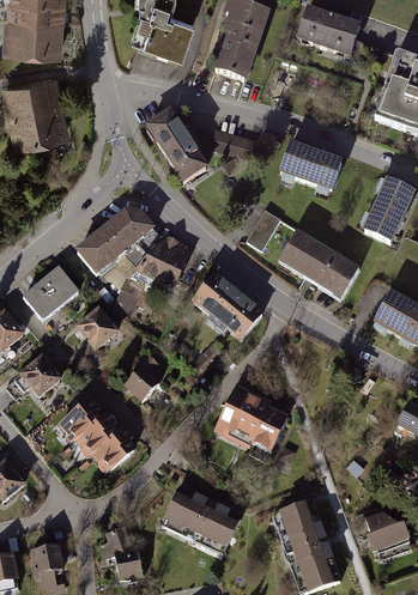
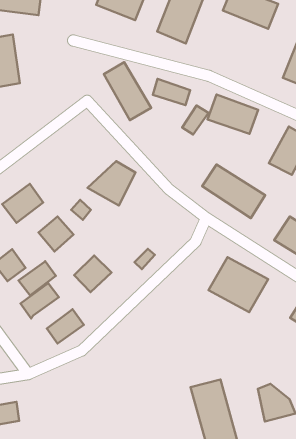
building: [29,77,68,142] -> none
building: [74,210,156,279] -> none
building: [248,211,280,248] -> [182,105,208,135]
building: [193,271,263,338] -> none
building: [213,388,287,456] -> [209,257,268,312]
building: [73,409,120,454] -> [19,261,56,295]
building: [164,488,241,550] -> none
building: [104,526,141,583] -> none

